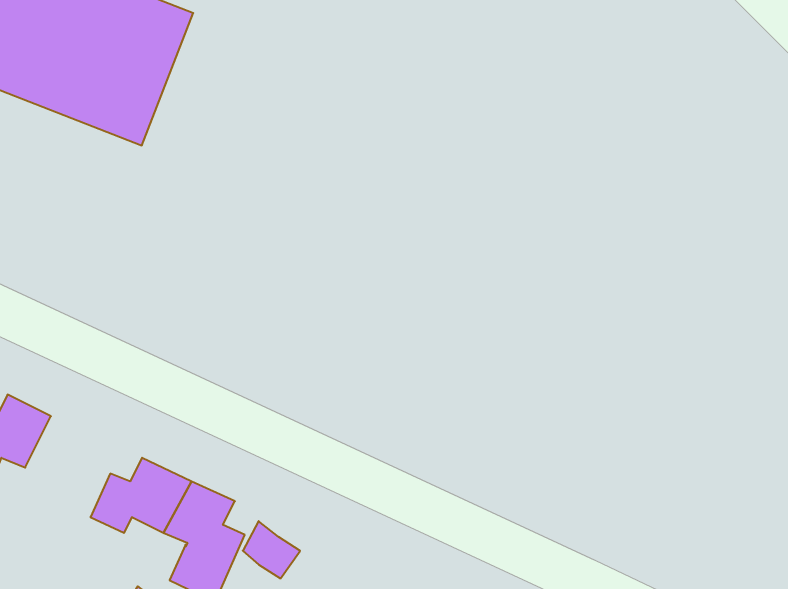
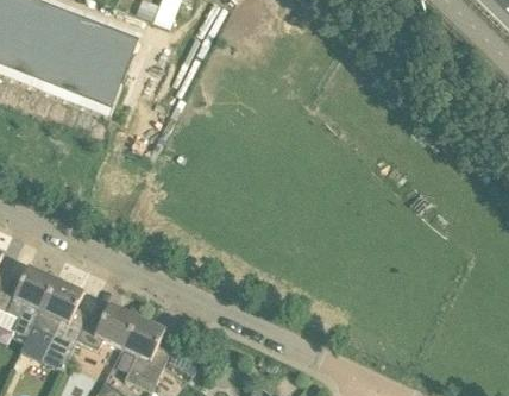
building: none -> [32,278,89,369]

